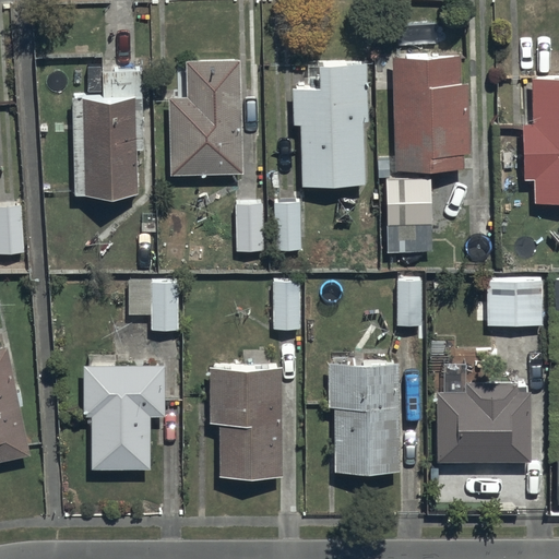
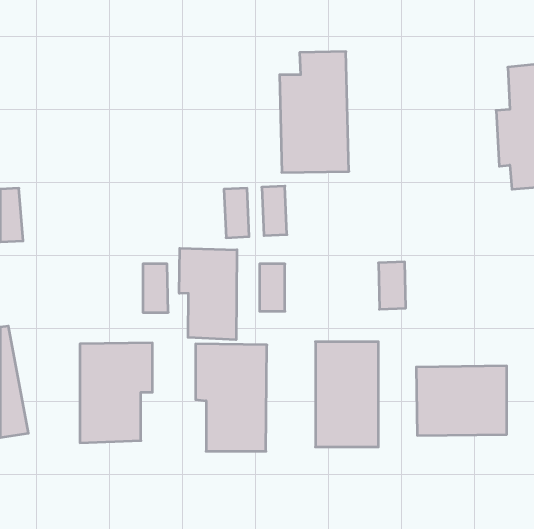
building: [384,56,463,254] -> none
building: [168,58,242,180] -> none
building: [74,70,136,198] -> none
building: none -> [179,248,237,340]
building: [486,282,544,329] -> none

